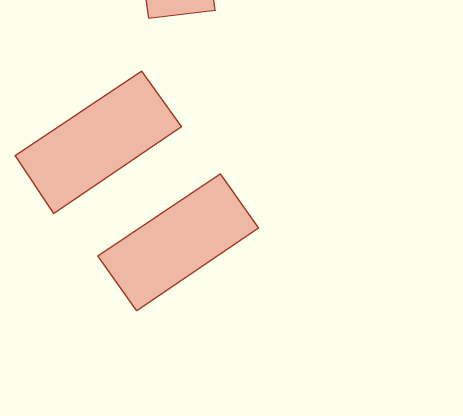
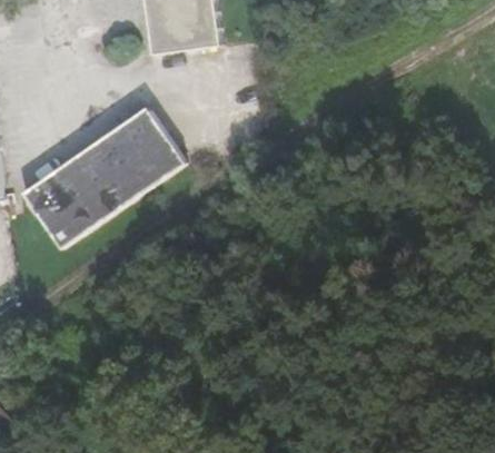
building: [98,174,258,311] -> none

